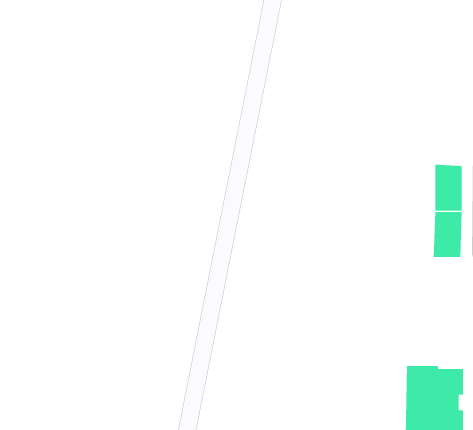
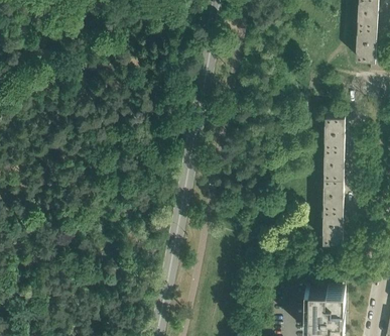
building: none -> [324,115,345,147]
building: none -> [322,210,343,241]

